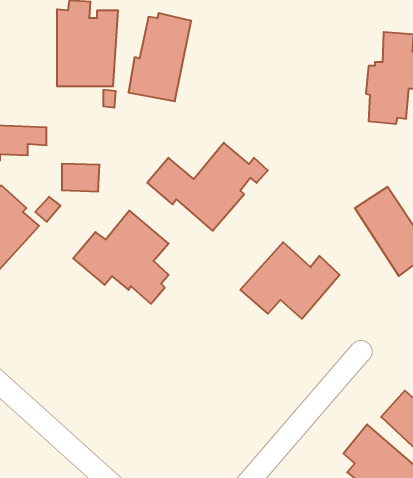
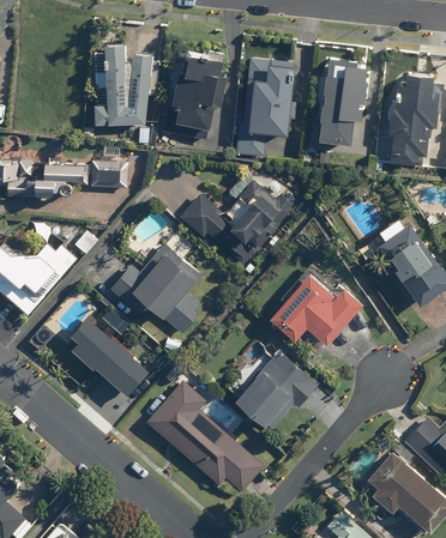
building: none -> [235,59,295,158]
building: none -> [320,60,368,144]
building: [62,164,100,191] -> [91,161,127,187]
building: none -> [74,326,147,397]
building: none -> [234,350,319,429]
building: none -> [146,381,263,491]

